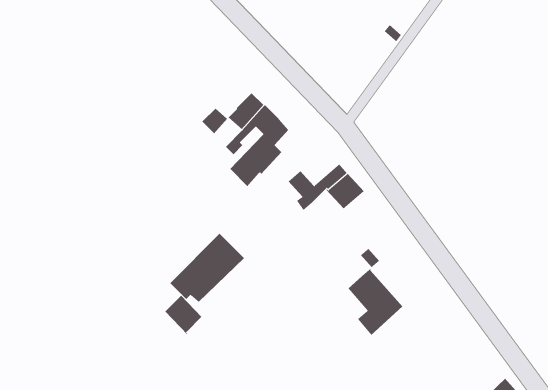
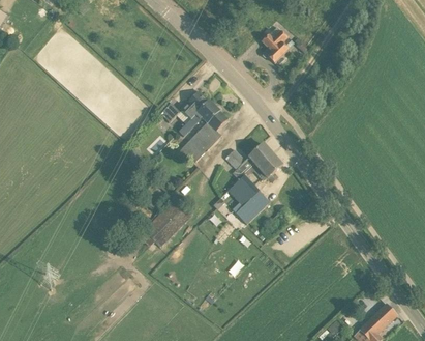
building: none -> [262,28,289,62]
building: [347,268,403,336] -> [226,172,268,223]
building: [164,295,202,335] -> none

